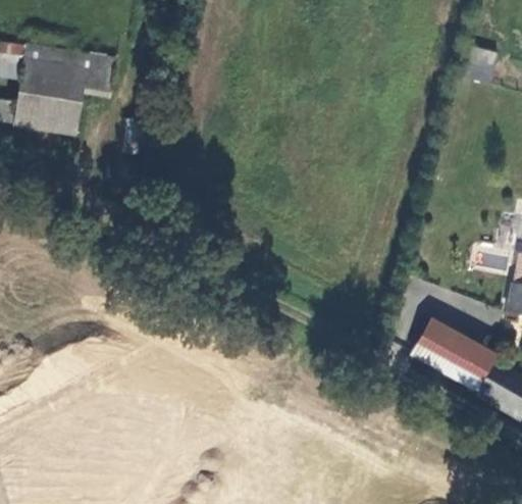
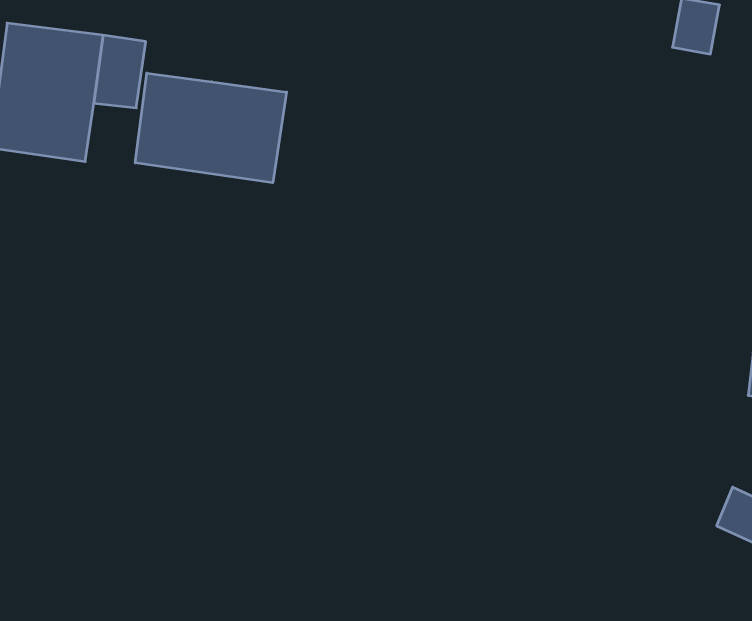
building: none -> [135,73,287,183]
building: [404,320,490,393] -> none

